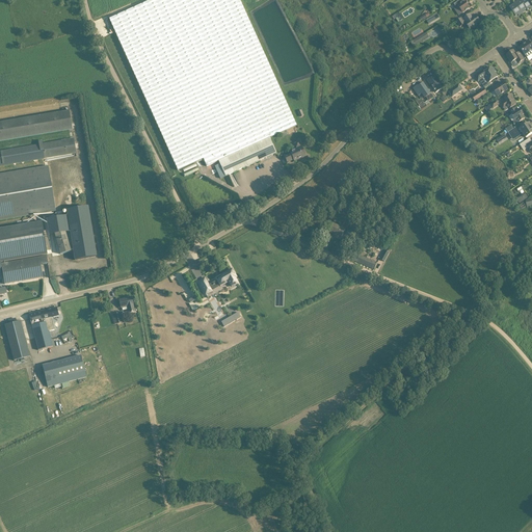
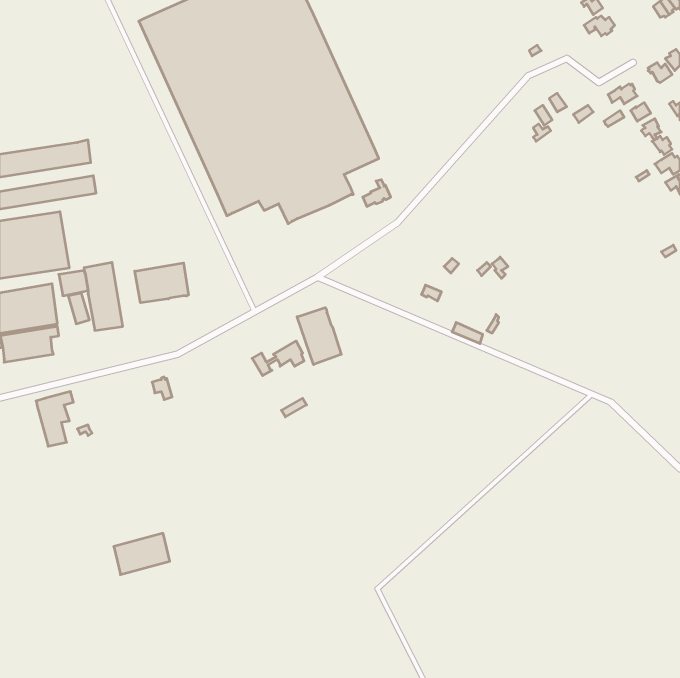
building: none -> [135,263,188,303]
building: none -> [297,308,341,365]
building: [4,319,29,360] -> none
building: [42,353,85,385] -> [114,533,170,575]

